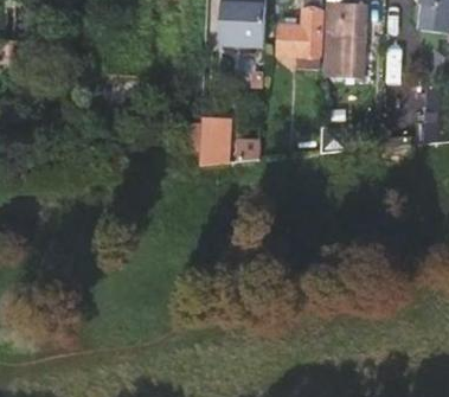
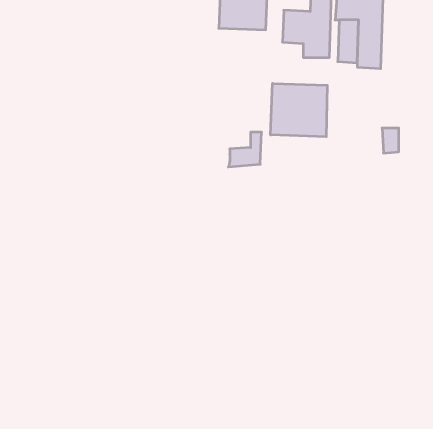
building: none -> [271,83,327,137]
building: [203,117,235,156] -> none

